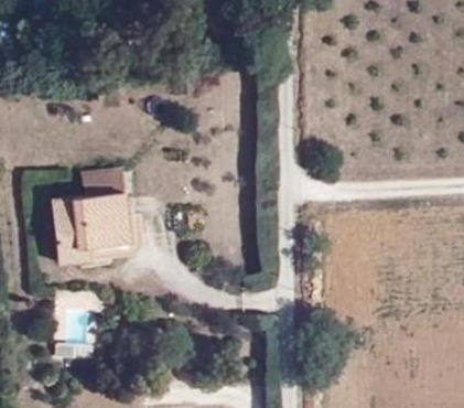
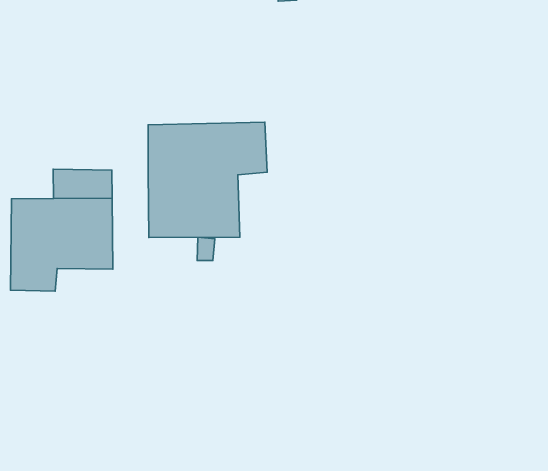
building: none -> [148,122,267,238]

